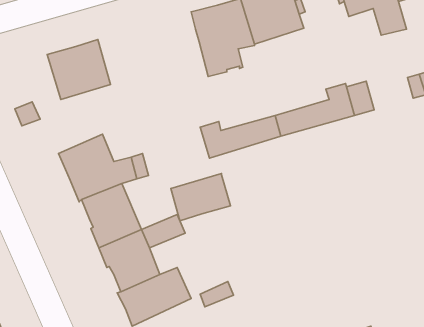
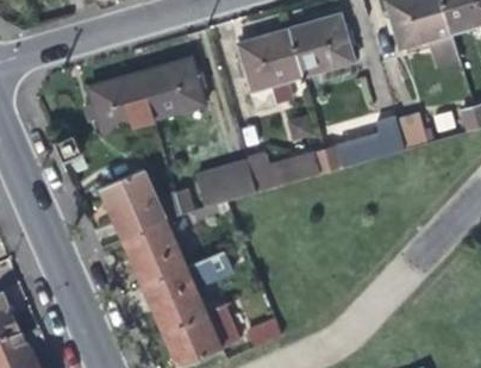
building: none -> [140,55,204,116]
building: [171,174,231,221] -> [194,158,256,207]

